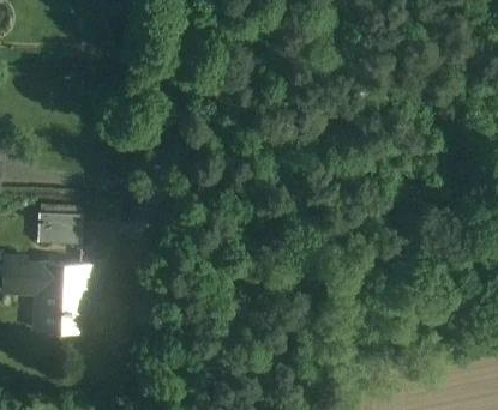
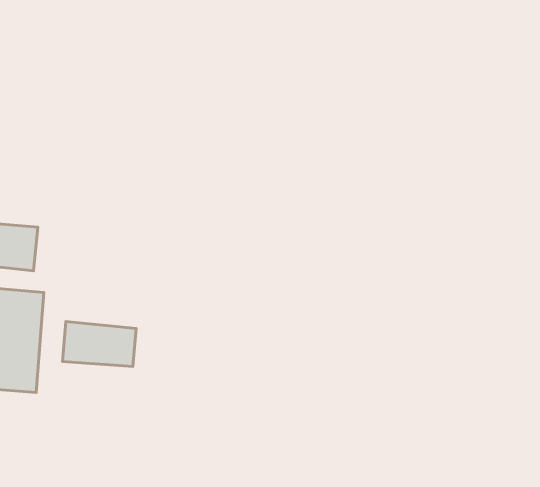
building: none -> [62,322,136,367]

